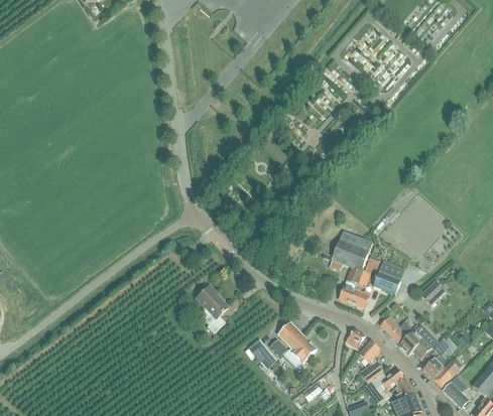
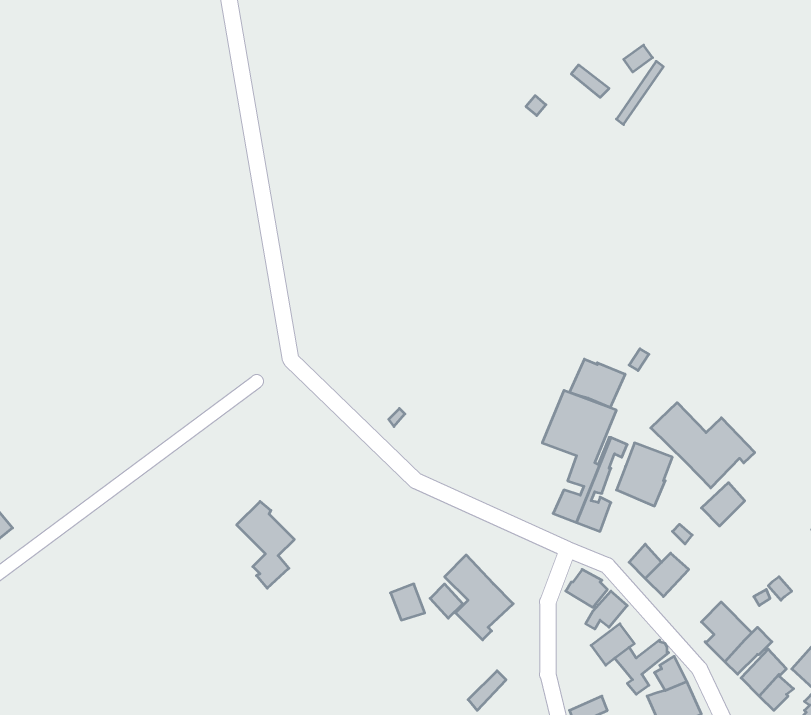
building: none -> [569,359,625,407]
building: none -> [651,403,755,488]
building: [196,285,228,333] -> [237,501,294,588]
building: [399,330,433,360] -> none

